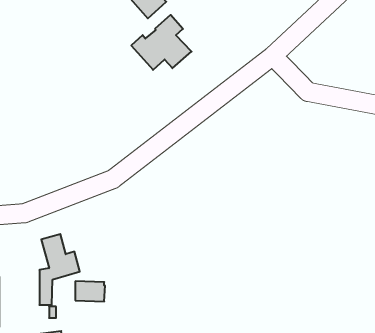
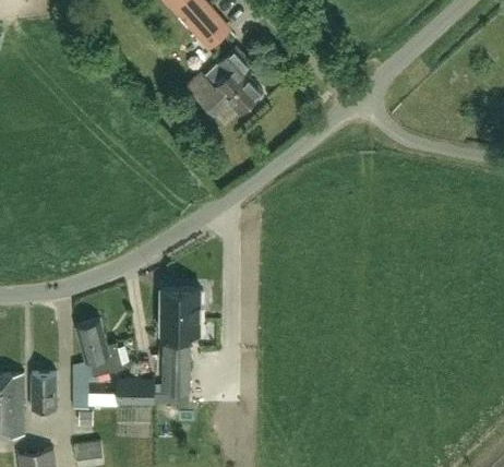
building: none -> [160,289,201,334]
building: none -> [155,346,191,405]
building: none -> [32,374,57,410]

